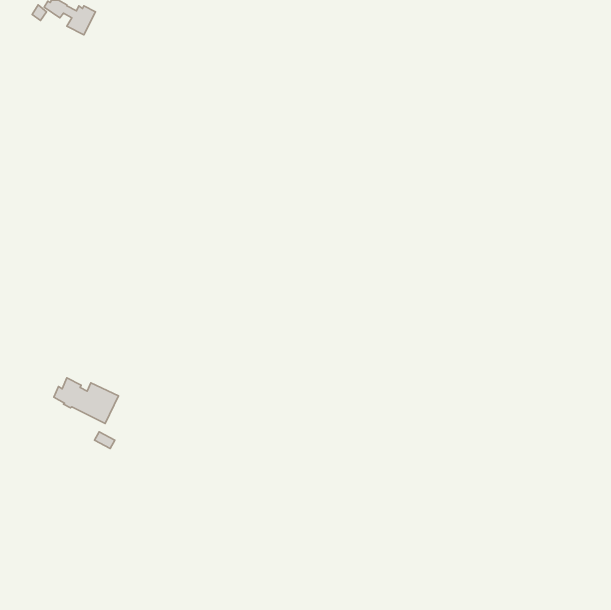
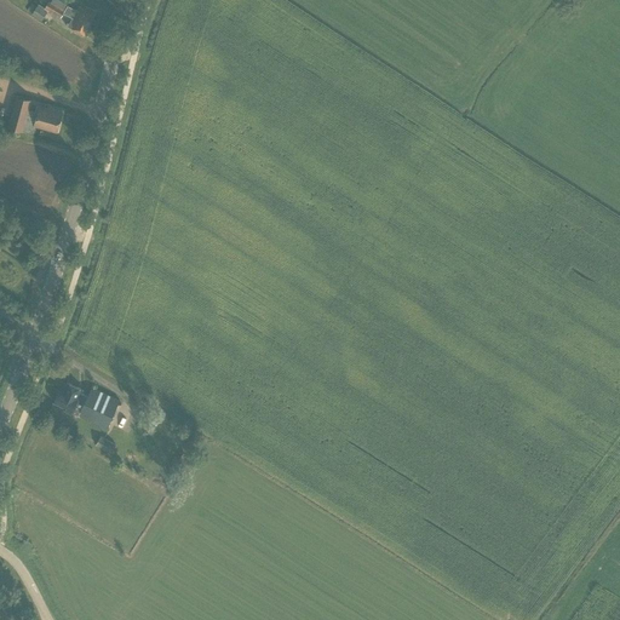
building: none -> [8,98,63,133]

